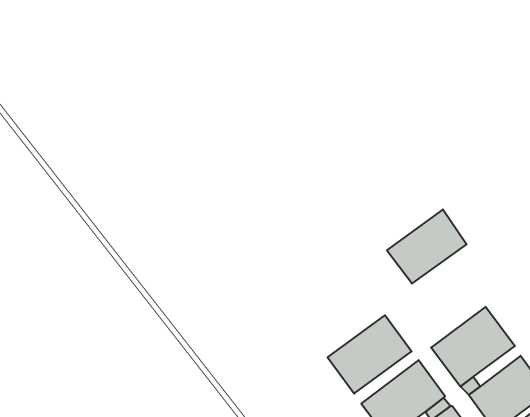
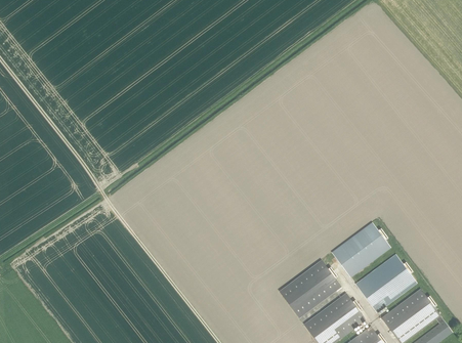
building: [387,209,467,284] -> [331,221,389,275]

